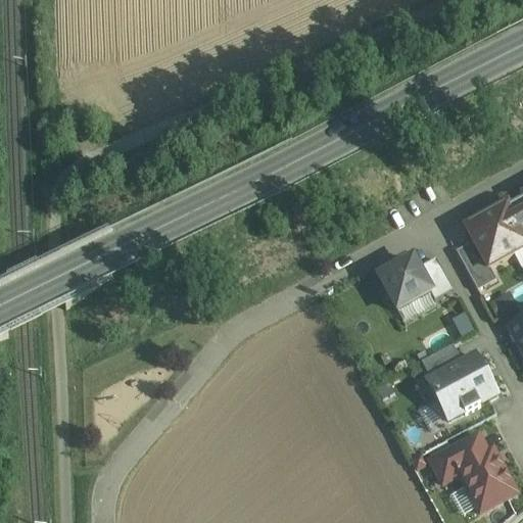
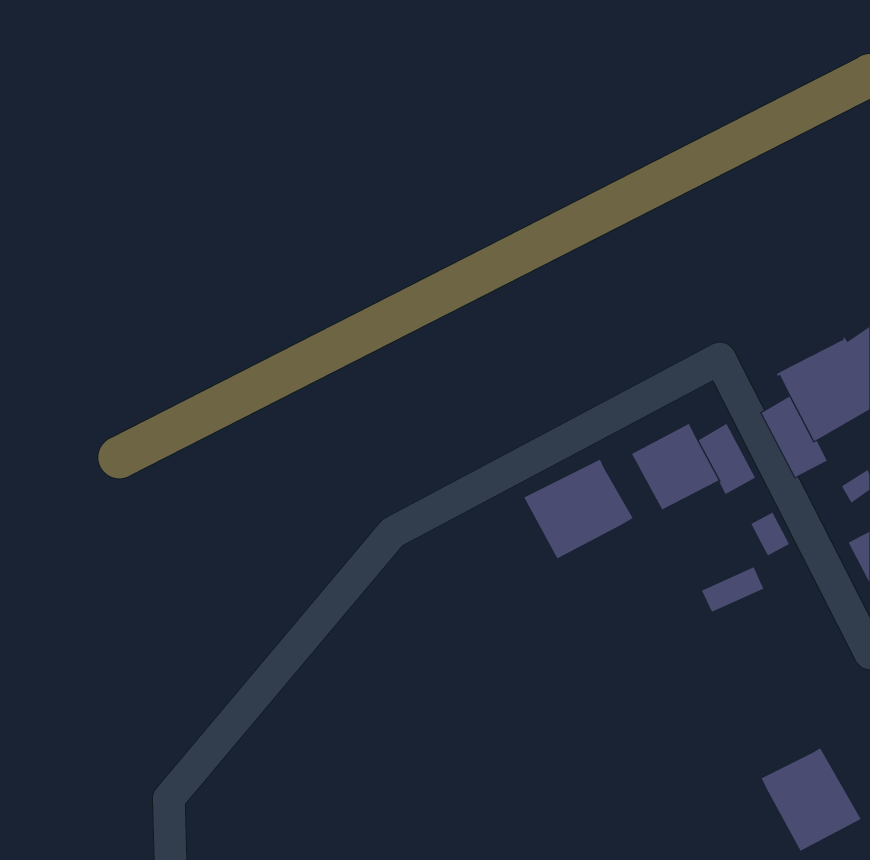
building: none -> [523,459,633,559]
building: [425,351,494,417] -> none
building: [431,434,486,481] -> none

